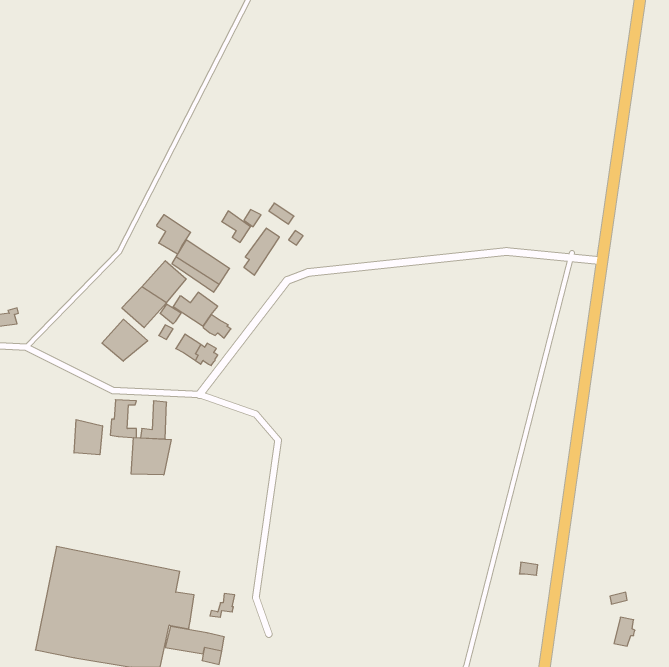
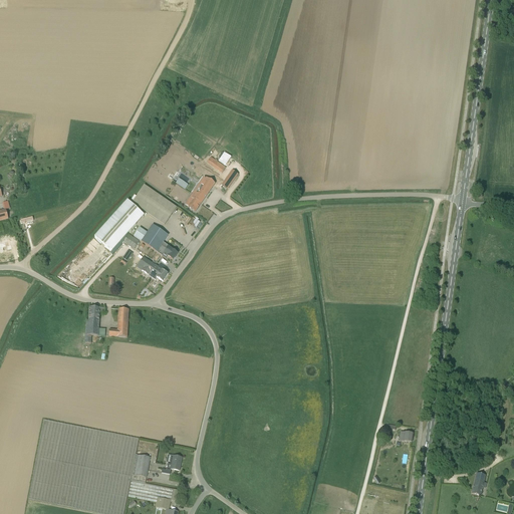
building: [157,215,191,254] -> none
building: [102,319,148,361] -> none
building: [74,420,102,455] -> none
building: [131,438,171,475] -> none

